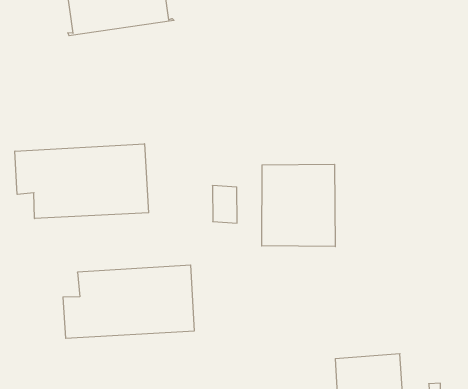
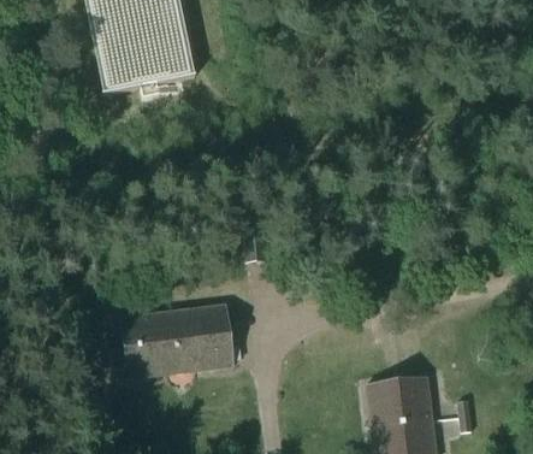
building: [15,144,149,219] -> none
building: [262,164,335,247] -> none

